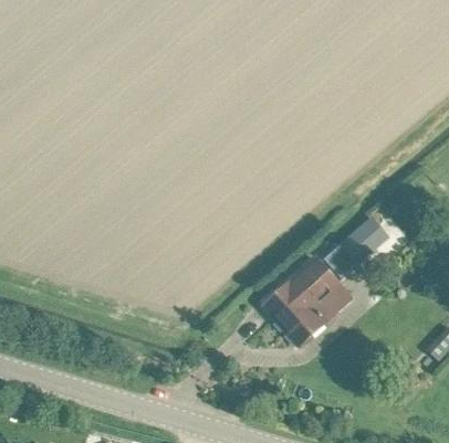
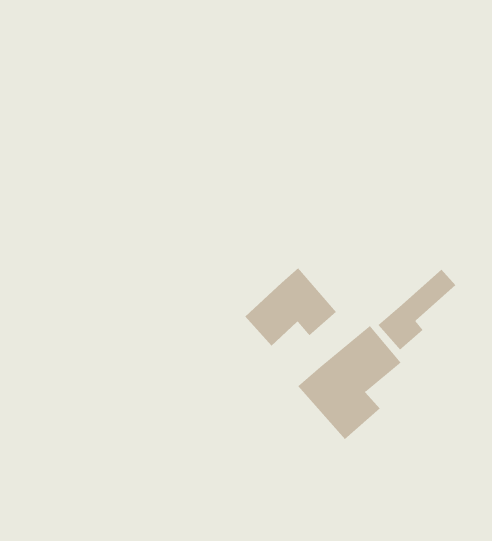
building: none -> [244,267,337,346]

